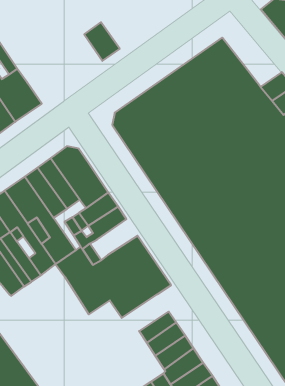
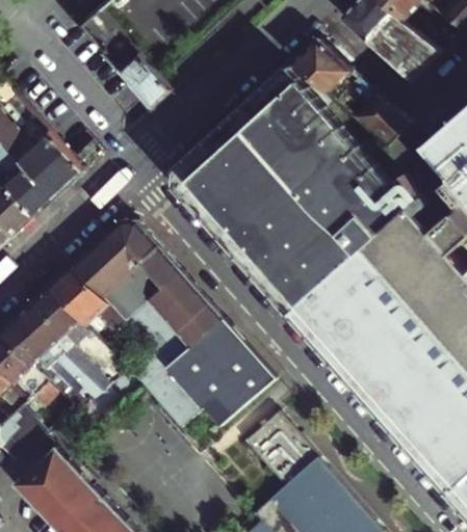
building: none -> [299,41,363,94]
building: none -> [176,302,226,350]

